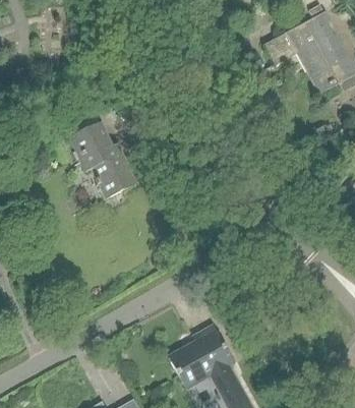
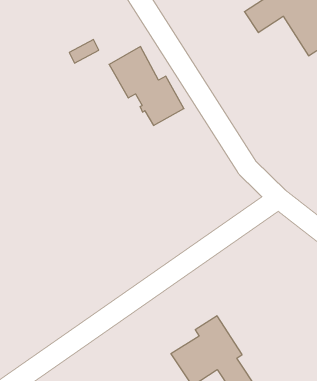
building: [70,122,136,196] -> [109,47,184,125]

